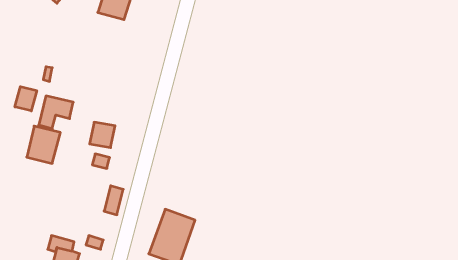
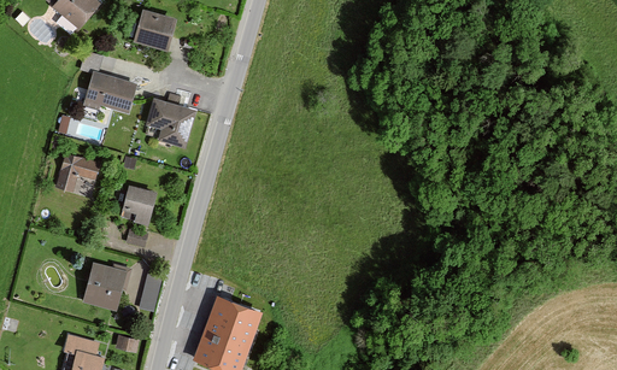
building: none -> [83,70,136,111]
building: none -> [146,98,196,147]
building: [15,87,37,111] -> none
building: [27,126,60,163] -> [82,260,127,310]

